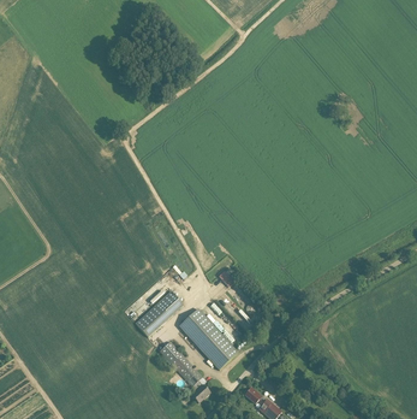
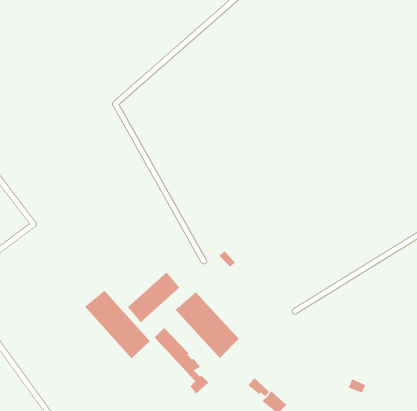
building: none -> [84,290,151,359]

